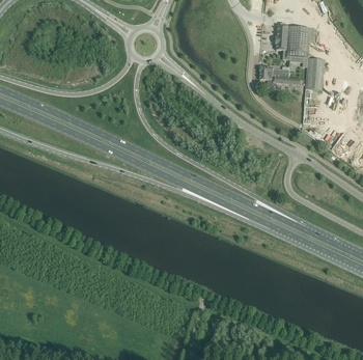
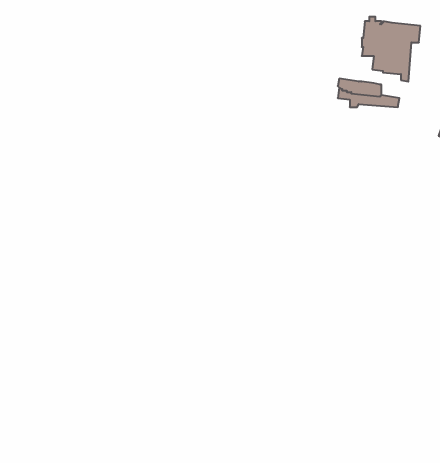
building: [307,58,325,89] -> none

